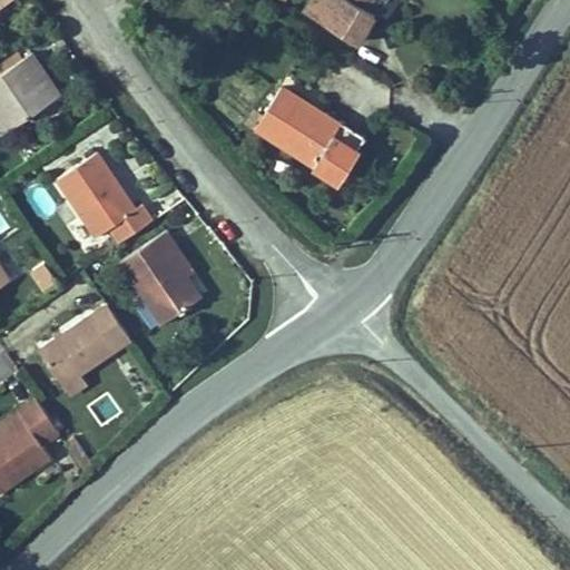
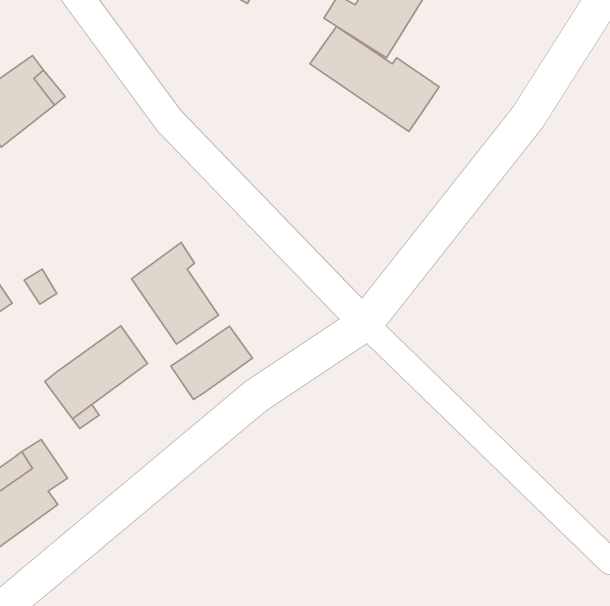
building: [245,94,364,190] -> [310,27,439,132]
building: [57,150,155,238] -> none
building: none -> [171,326,252,399]

